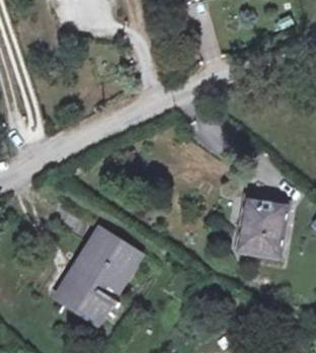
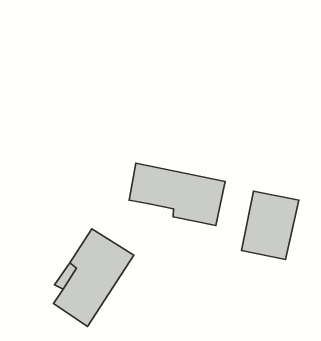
building: none -> [129,163,225,225]

